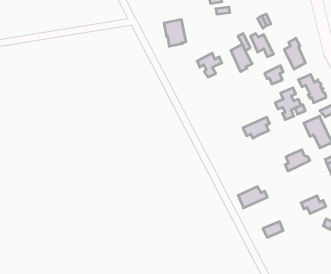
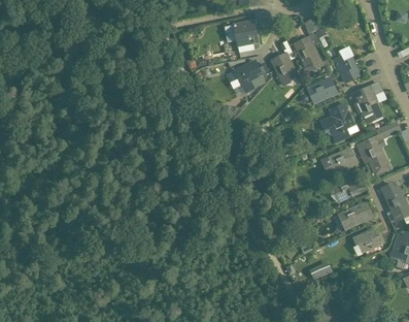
building: [164,20,186,46] -> [233,21,259,52]
building: [243,117,270,138] -> [321,148,352,172]
building: [238,187,267,208] -> [338,203,372,228]

